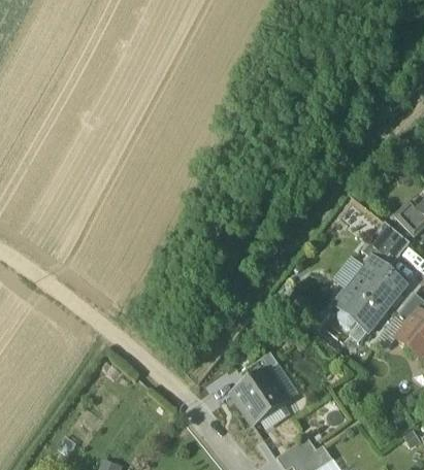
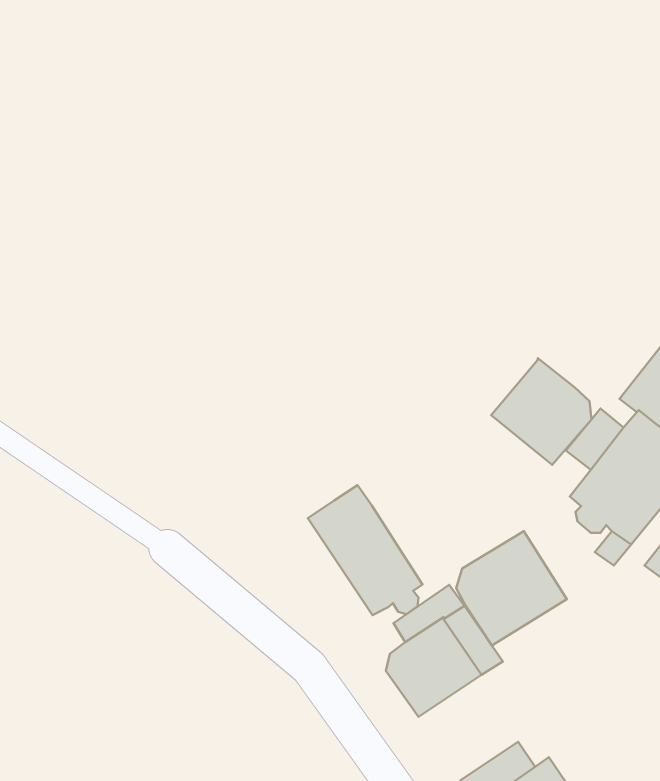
building: none -> [491,358,591,465]
building: none -> [308,485,422,615]
building: none -> [456,531,567,647]

